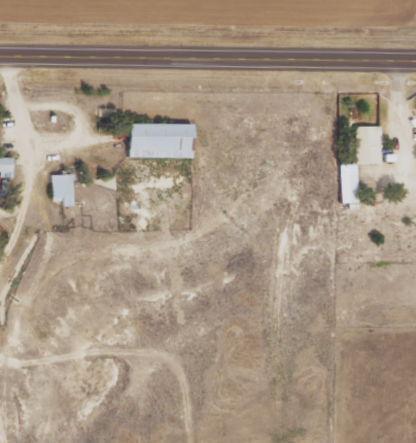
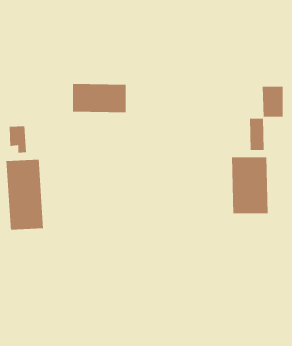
building: none -> [231,157,268,214]
building: none -> [6,159,44,230]

